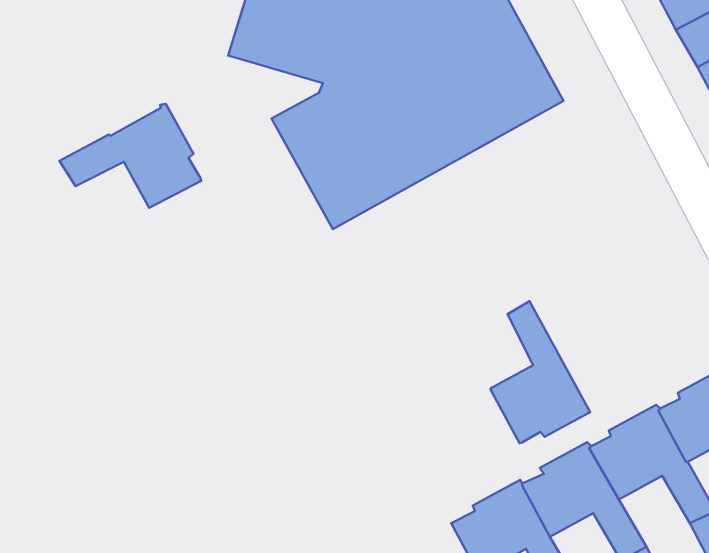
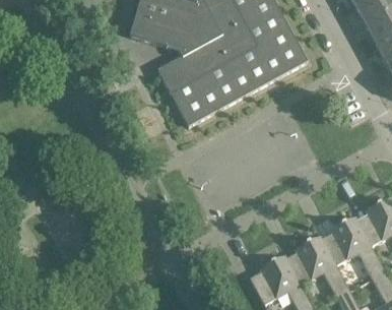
building: [59,104,201,208] -> none
building: [490,301,590,443] -> none

